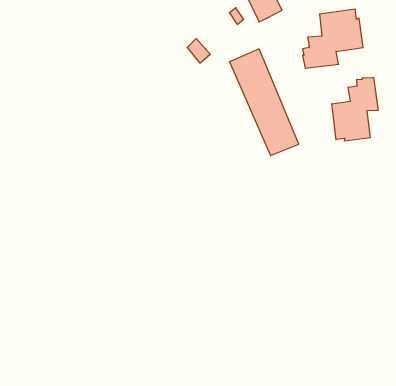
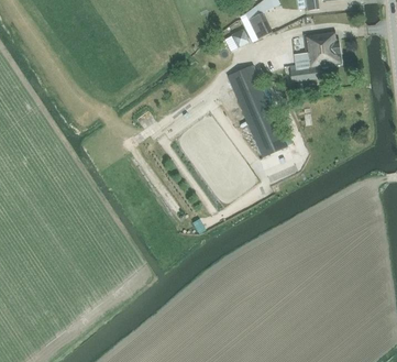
building: [332,77,378,141] -> none

